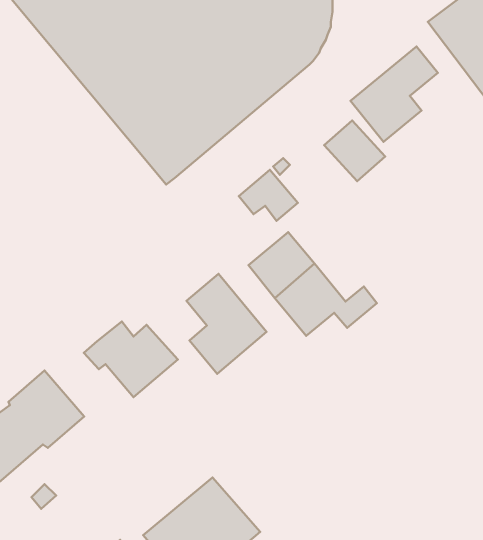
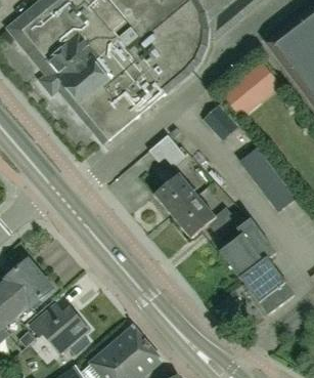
building: none -> [241,149,297,211]
building: [186,274,267,374] -> none
building: none -> [221,220,296,316]
building: [84,322,178,397] -> [31,307,89,354]

